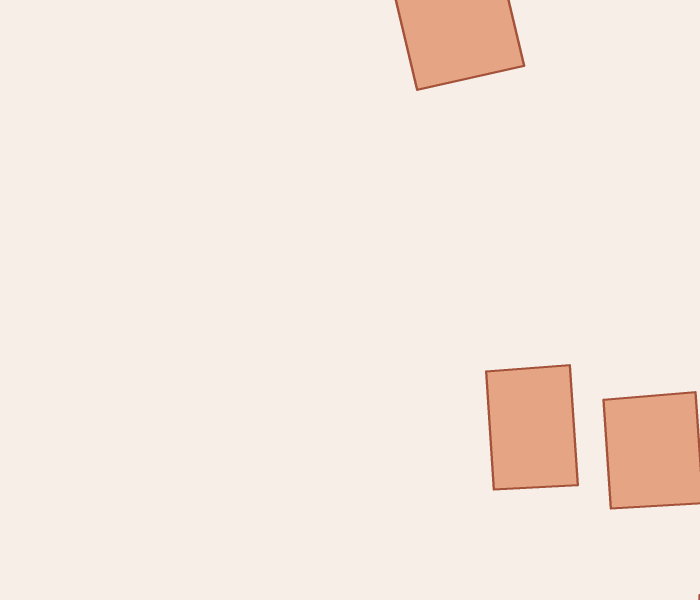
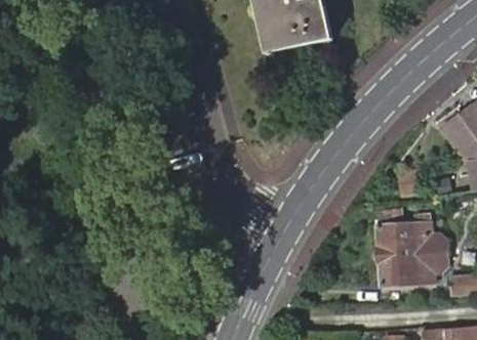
building: [486,365,578,489] -> none

